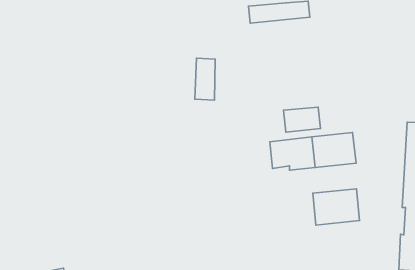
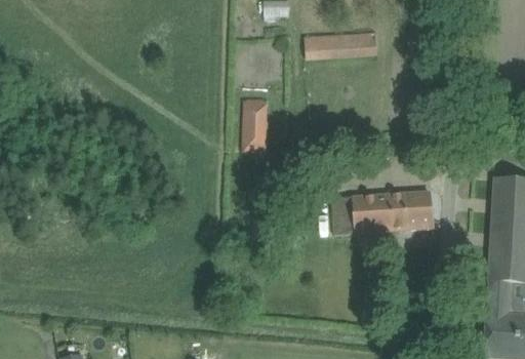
building: [283,107,320,132] -> none
building: [313,189,360,225] -> none

